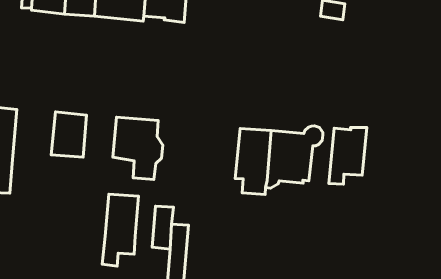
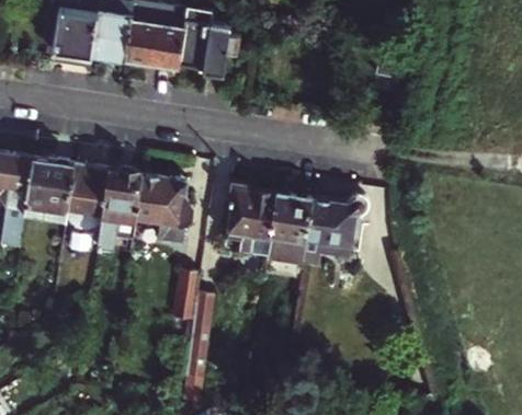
building: none -> [24,159,76,226]
building: none -> [225,184,279,257]
building: [329,127,367,184] -> none
building: [102,194,139,266] -> [98,170,143,250]

